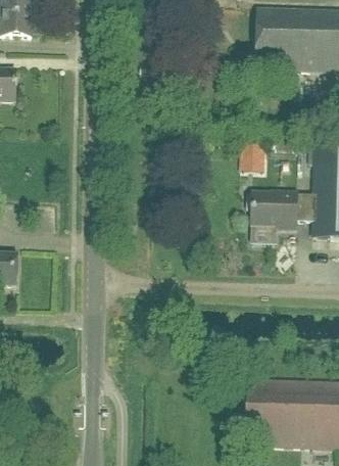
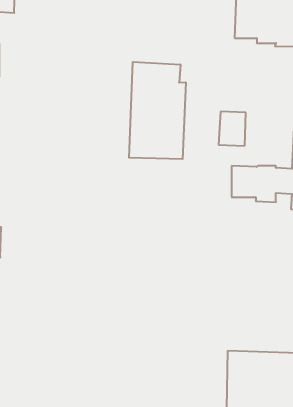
building: none -> [129,62,186,159]

